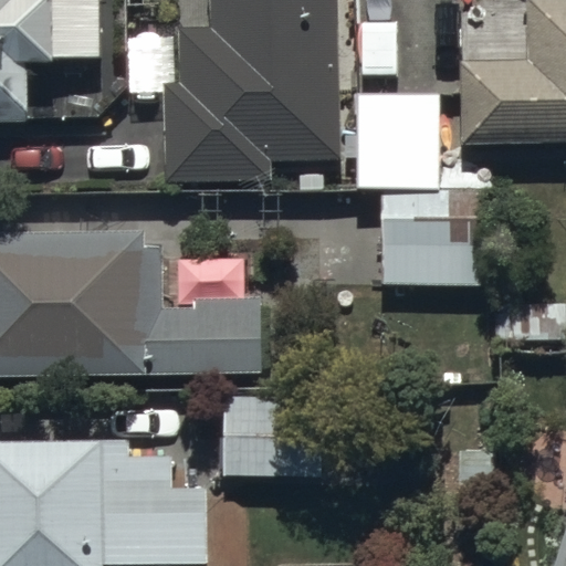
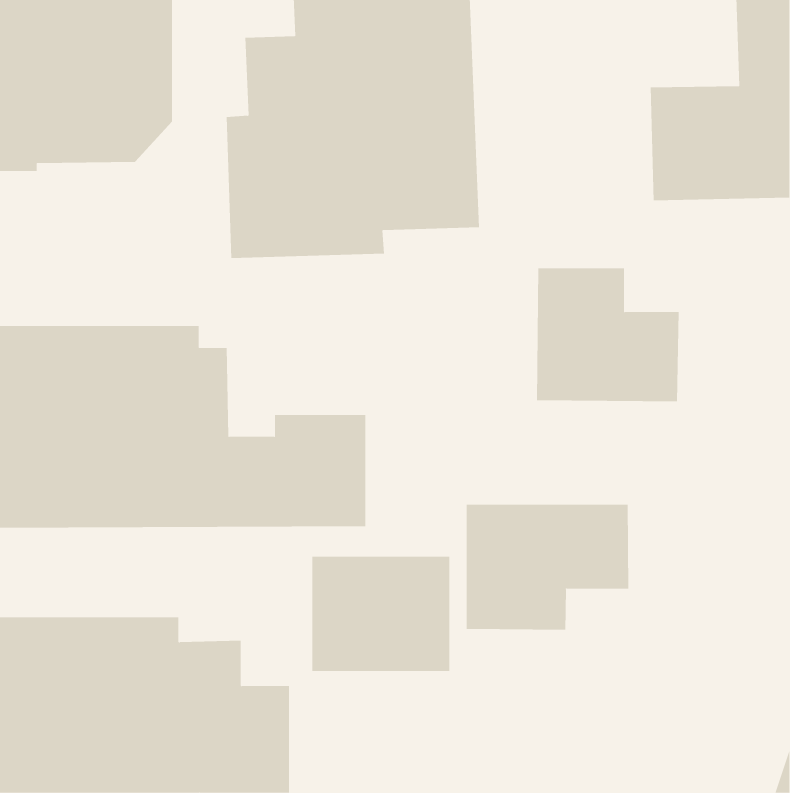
building: [344,92,439,189] -> none
building: none -> [466,504,629,631]

